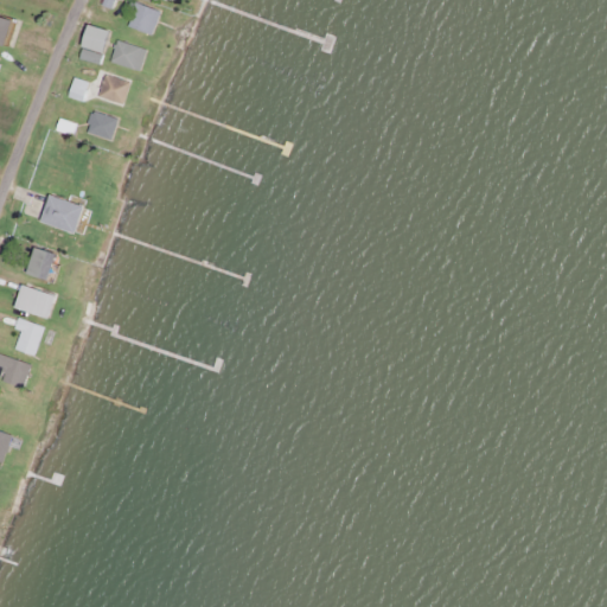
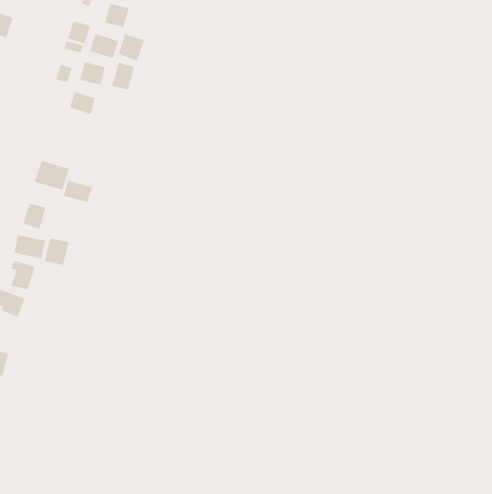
building: none -> [118,33,145,61]
building: none -> [111,62,135,90]
building: none -> [63,179,93,203]
building: none -> [44,238,69,266]

